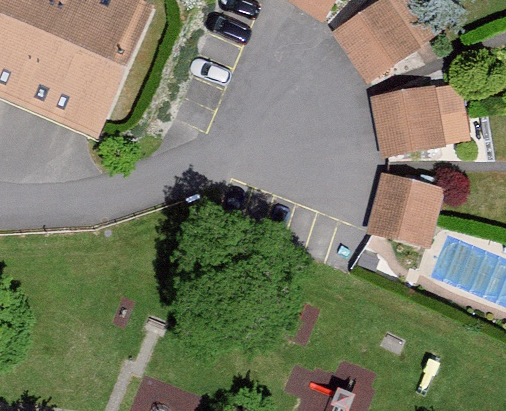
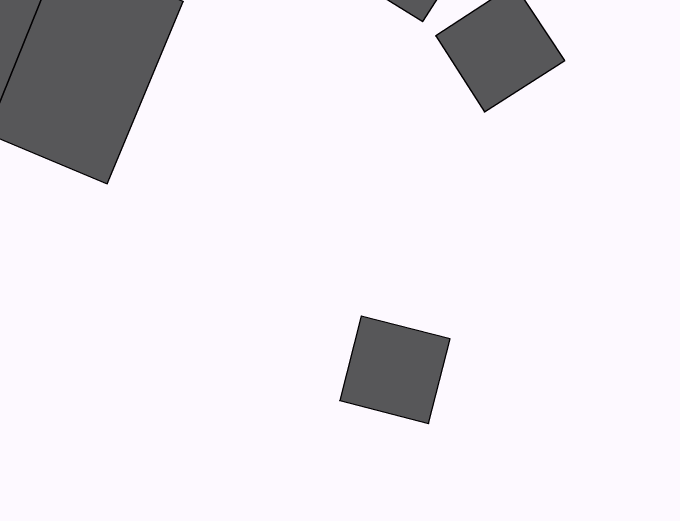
building: [371,84,447,156] -> none
building: [367,171,444,246] -> [340,316,450,424]

